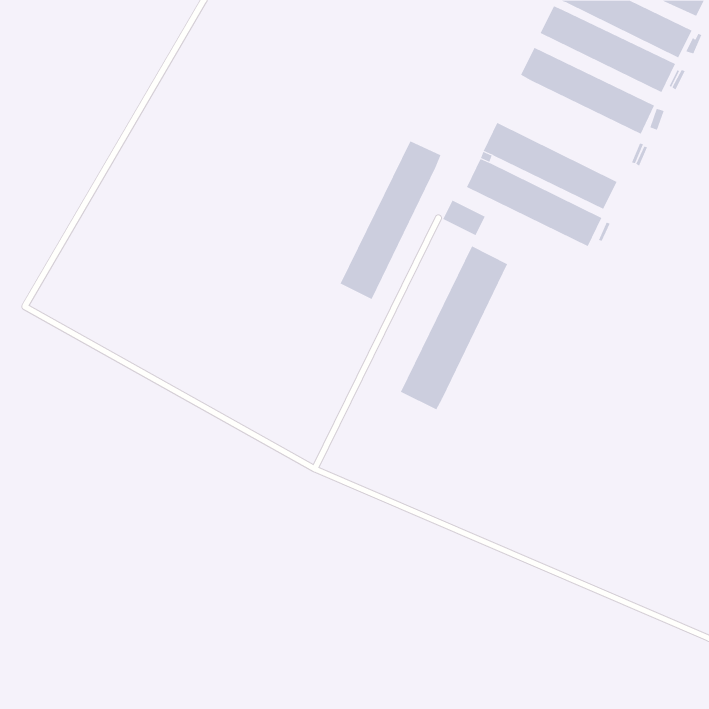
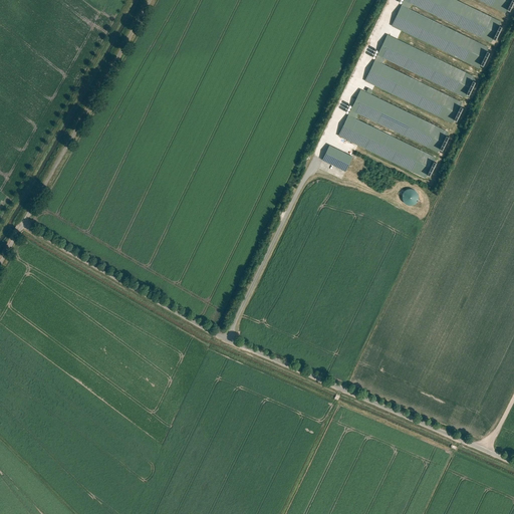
building: none -> [364,59,461,122]
building: [340,140,441,300] -> none
building: [400,246,508,410] -> none

